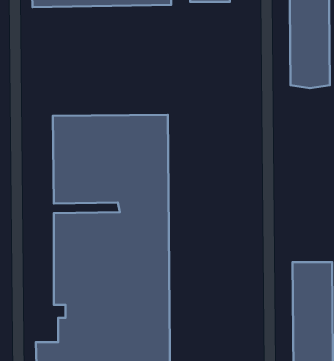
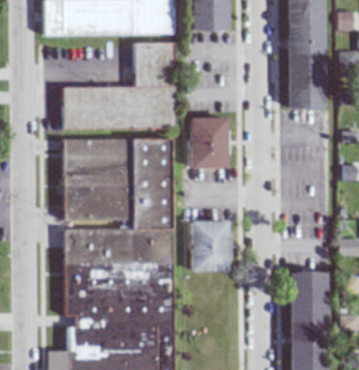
building: none -> [60,42,174,129]
building: none -> [190,117,228,169]
building: none -> [191,222,231,273]

